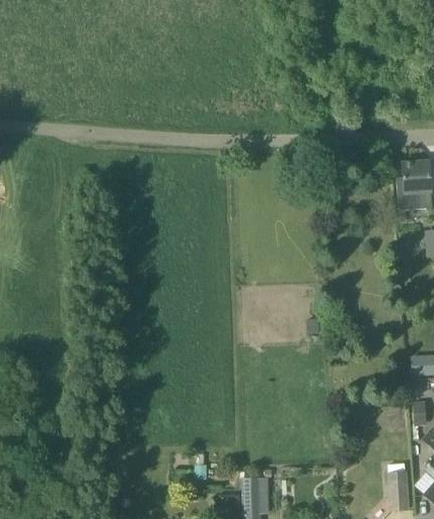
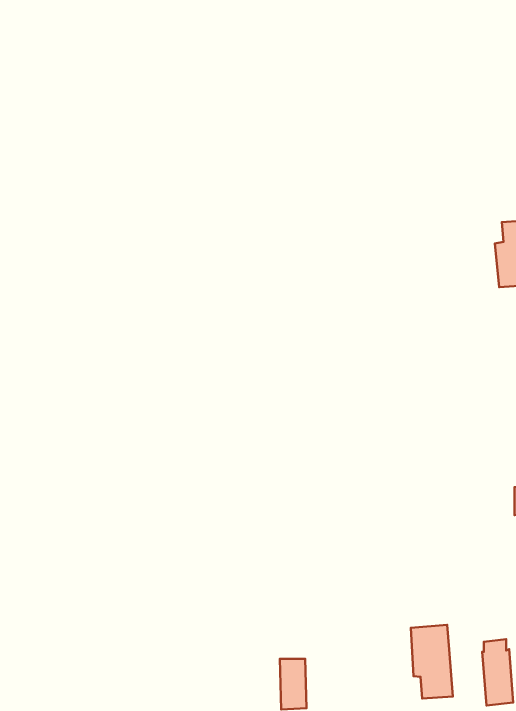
building: none -> [411,625,453,698]

